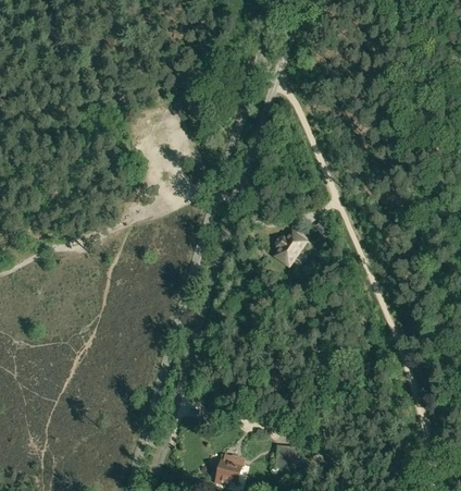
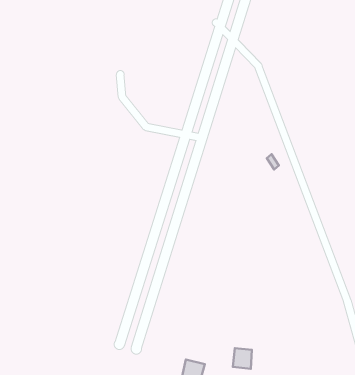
building: [276,232,304,262] -> none

